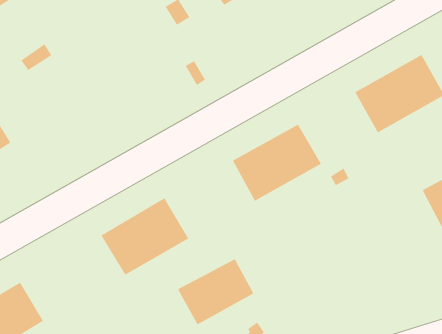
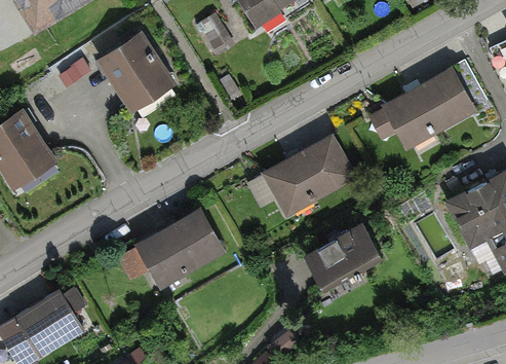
building: none -> [101,34,168,104]
building: [177,259,254,325] -> [306,225,381,290]

